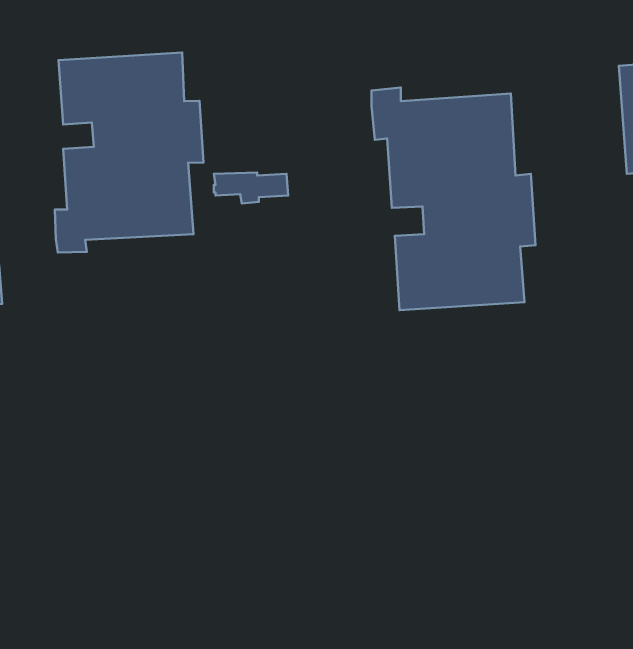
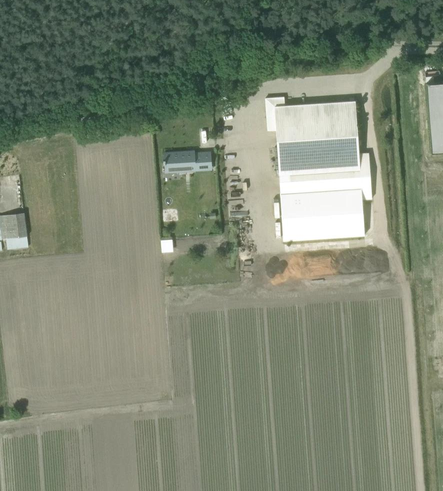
building: [55,53,204,252] -> none

